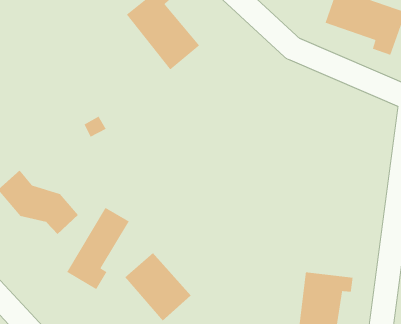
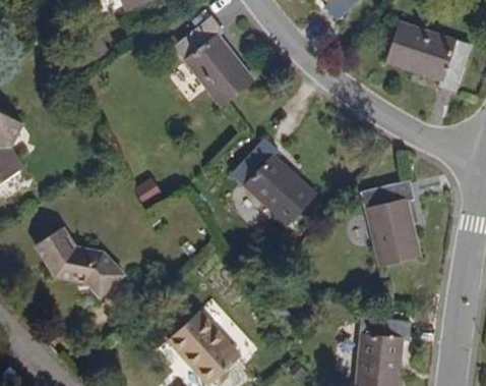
building: none -> [232,137,313,225]
building: none -> [362,187,422,274]
building: [66,207,130,290] -> none

